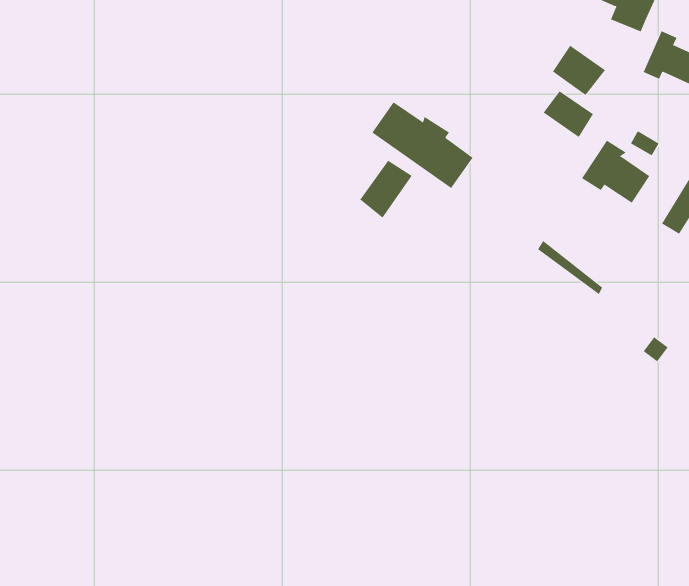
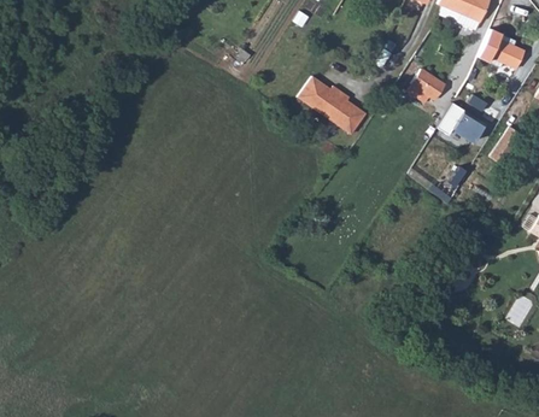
building: [552,45,606,96] -> none
building: [359,160,413,219] -> none

